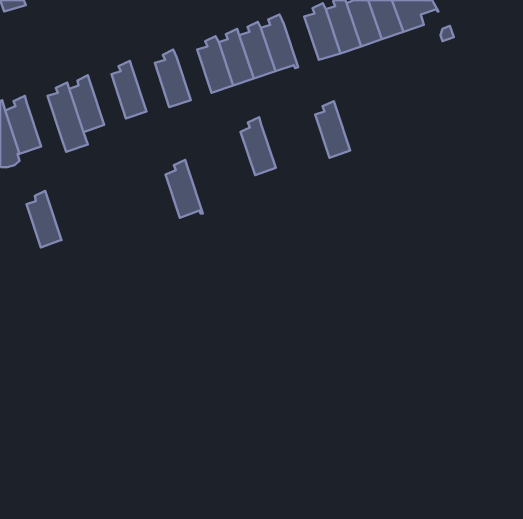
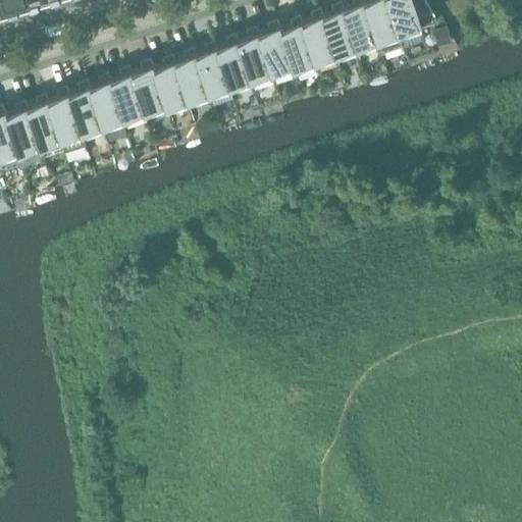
building: none -> [93,75,128,132]
building: [315,101,350,158] -> [284,18,319,74]
building: [241,117,276,175] -> [178,50,213,107]
building: [166,160,203,218] -> [135,61,171,118]
building: [26,191,62,247] -> [31,97,65,153]

